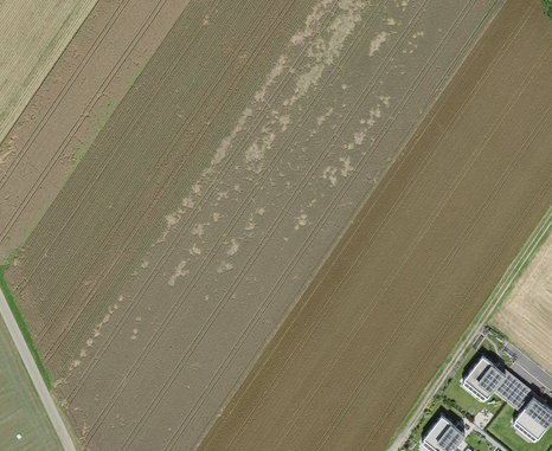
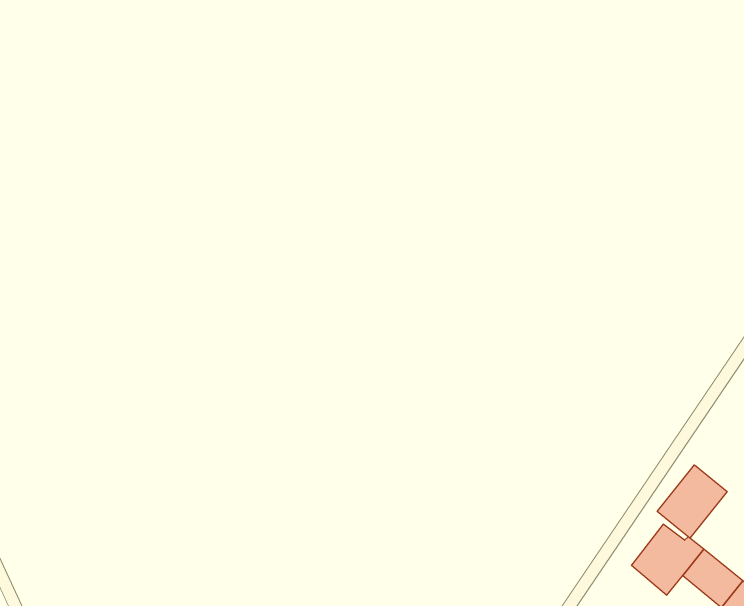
building: none -> [657,465,727,538]

